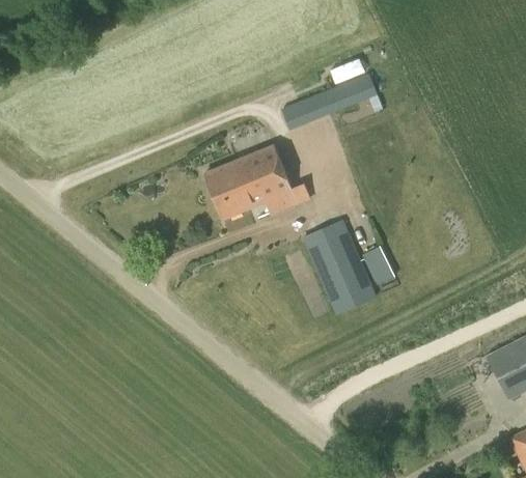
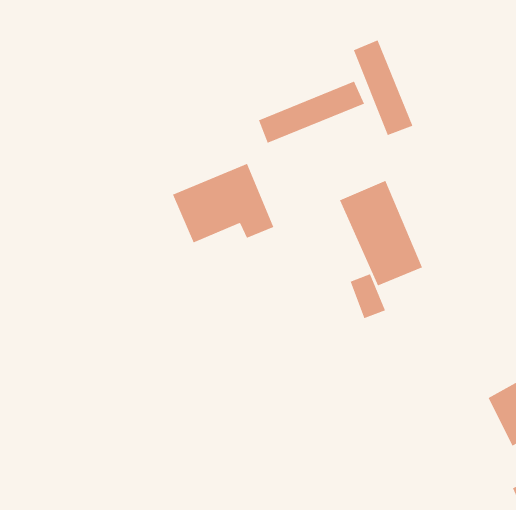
building: none -> [353,40,413,136]
building: [302,220,377,314] -> [339,180,423,286]

